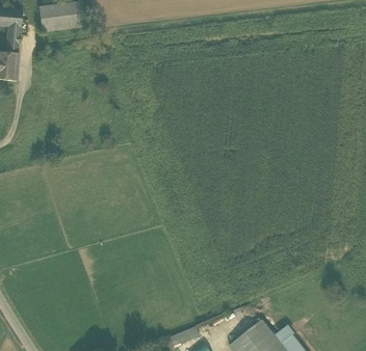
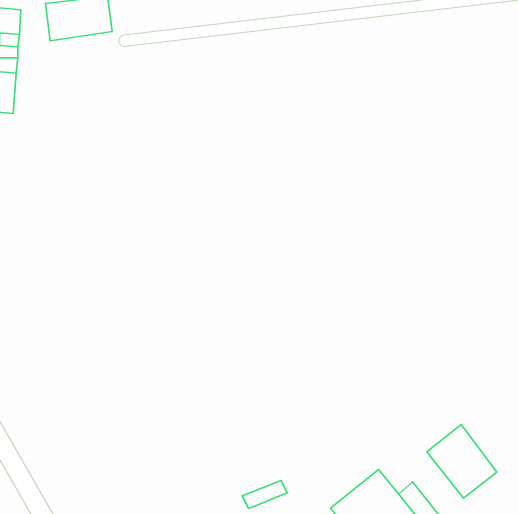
building: none -> [427,425,497,498]

